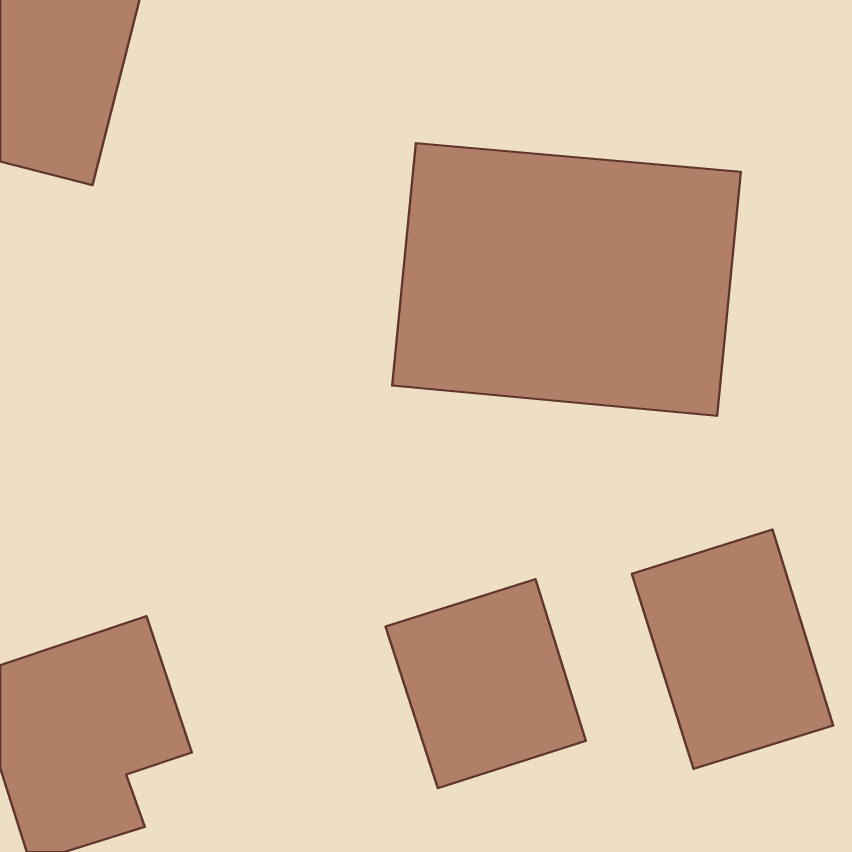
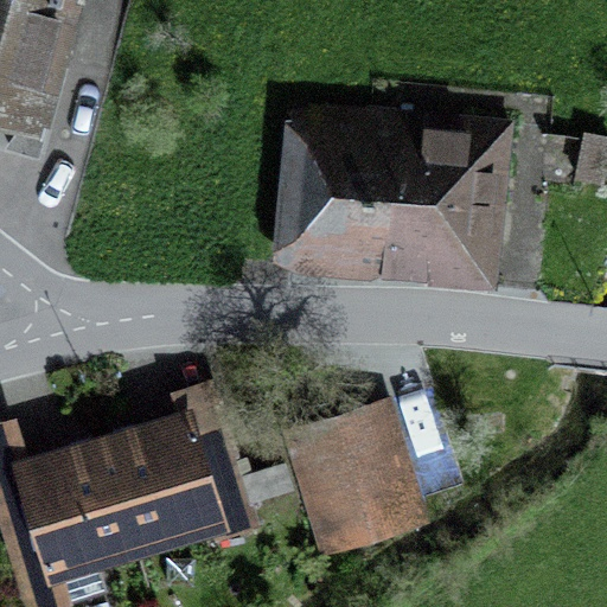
building: [632,529,833,769] -> none
building: none -> [109,400,245,530]

